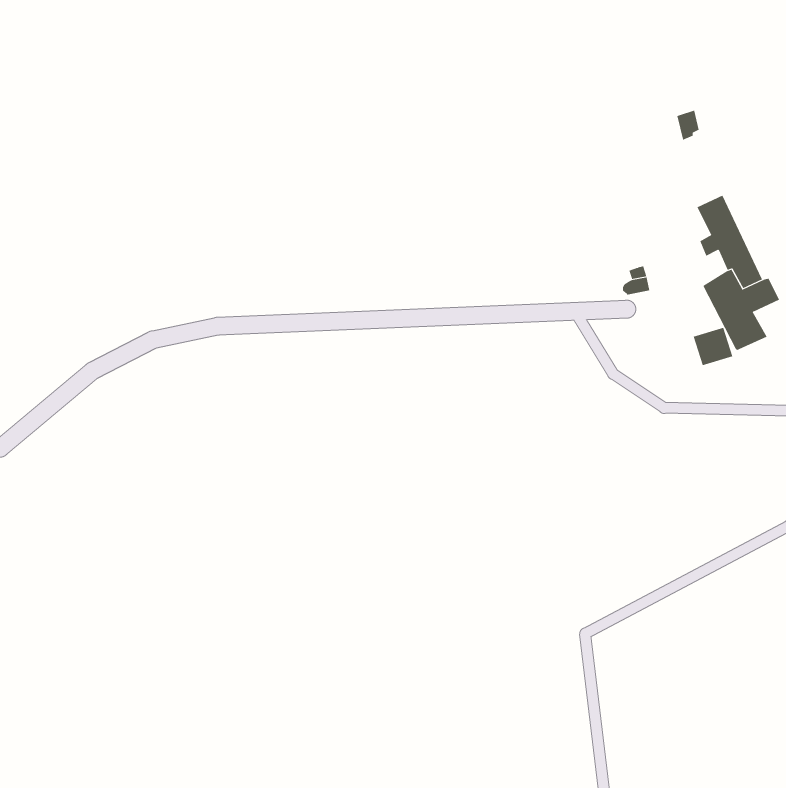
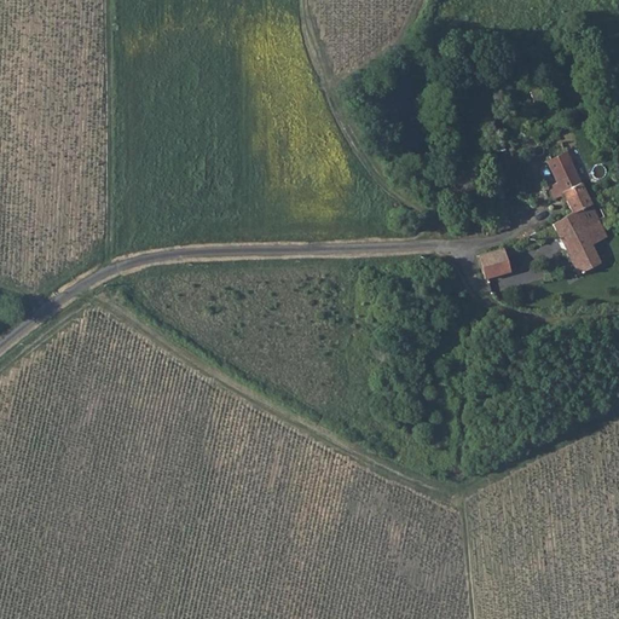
building: [693,327,733,366] -> [479,248,510,278]

